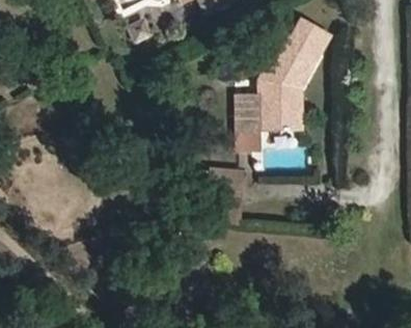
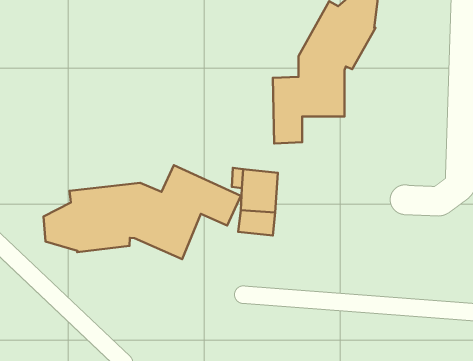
building: none -> [43,165,241,259]

